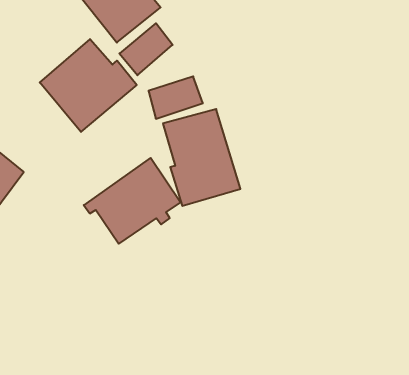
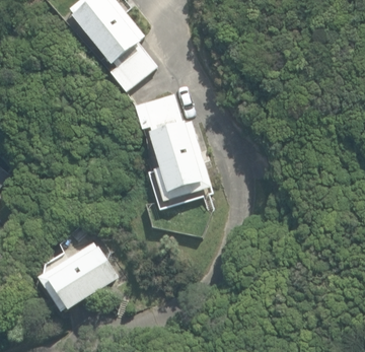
building: [40,39,137,132] -> none
building: [84,158,181,244] -> [38,239,119,311]

